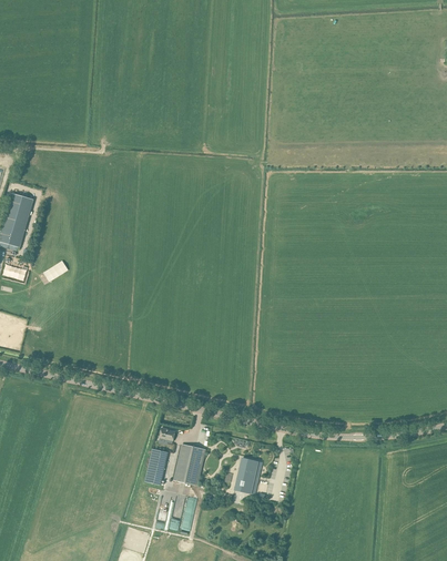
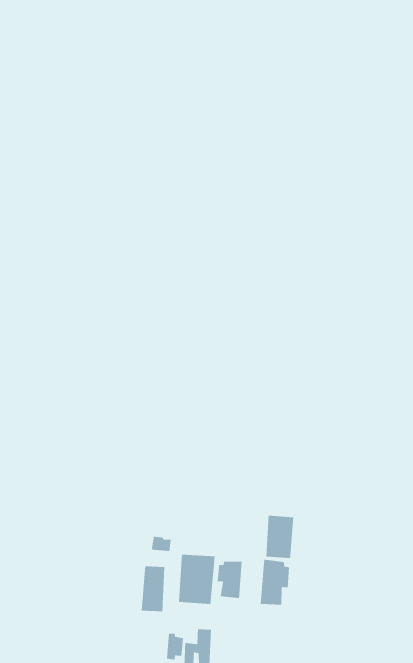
building: none -> [266,515,294,559]
building: none -> [217,561,242,599]

